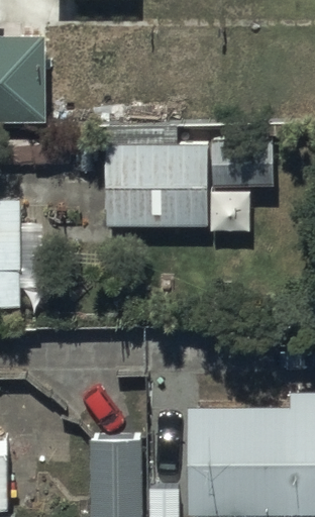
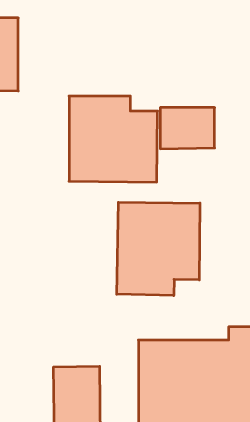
building: none -> [117,202,200,296]

